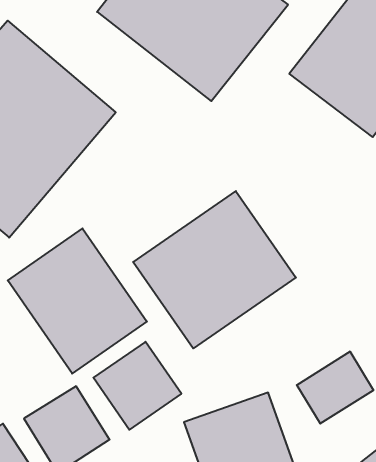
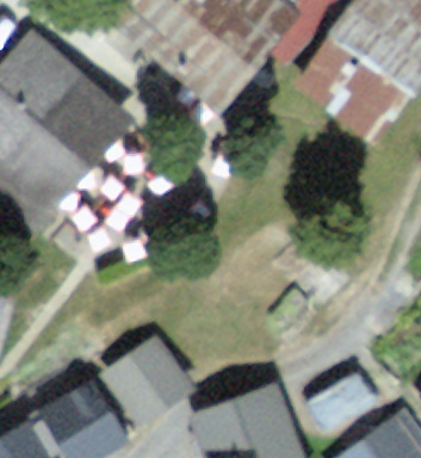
building: [133,191,296,348] -> none
building: [8,228,147,374] -> none

